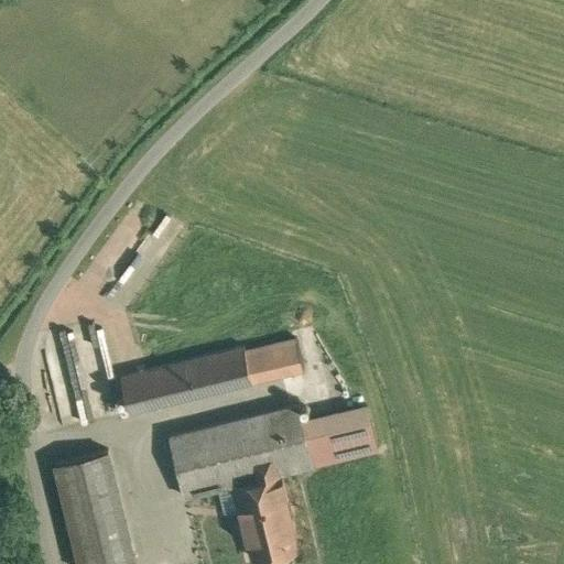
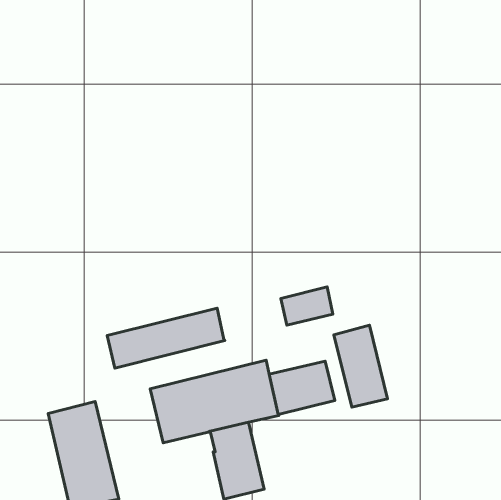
building: [245,340,303,383] -> [281,287,333,325]
building: none -> [334,325,387,407]

